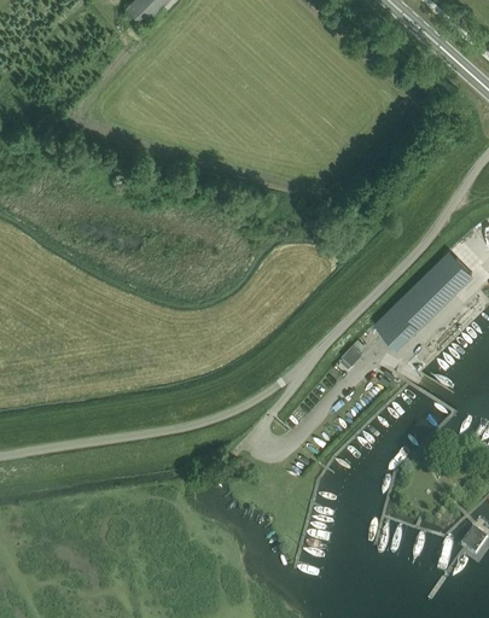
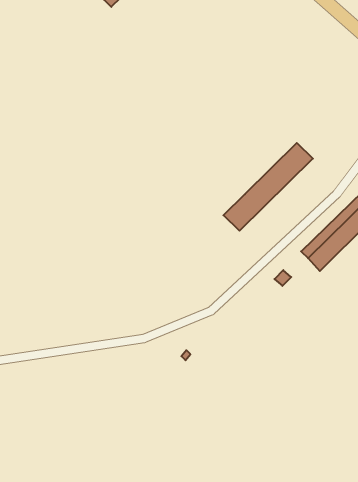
building: none -> [223,143,313,231]

